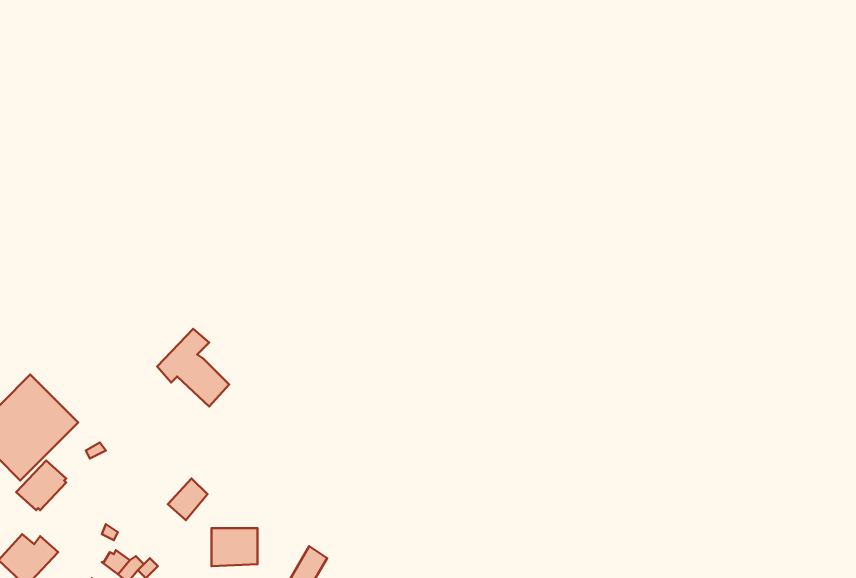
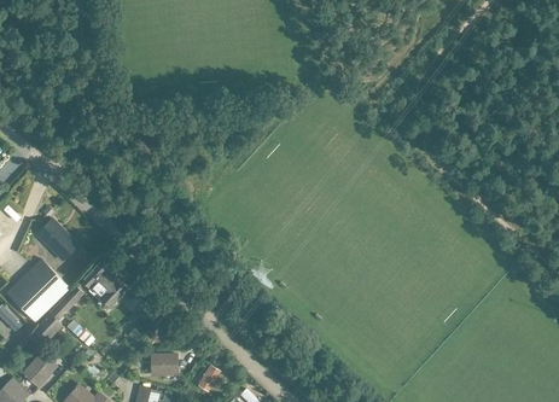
building: none -> [35,217,77,260]
building: [157,329,229,406] -> [81,256,124,303]

